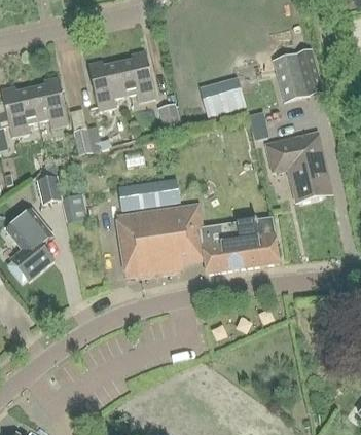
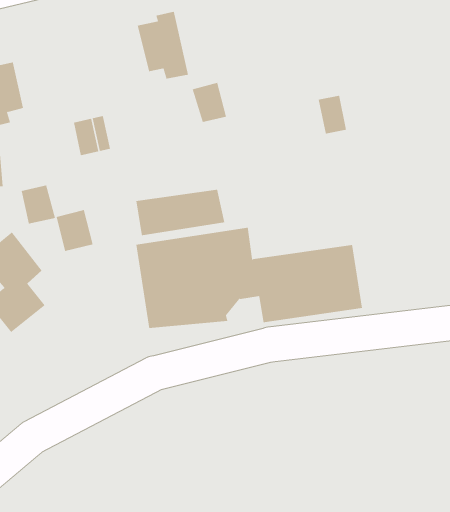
building: [272,49,322,100] -> none
building: [87,61,125,109] -> none
building: [30,76,67,125] -> none
building: [196,76,243,115] -> none
building: [265,132,331,202] -> none

